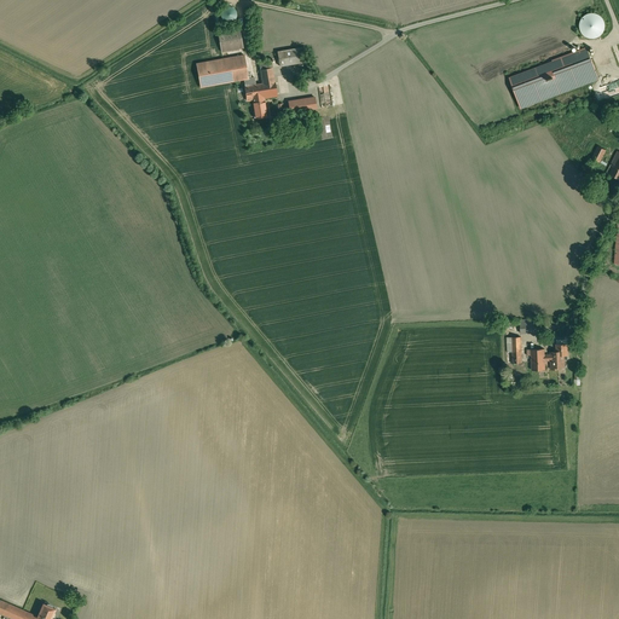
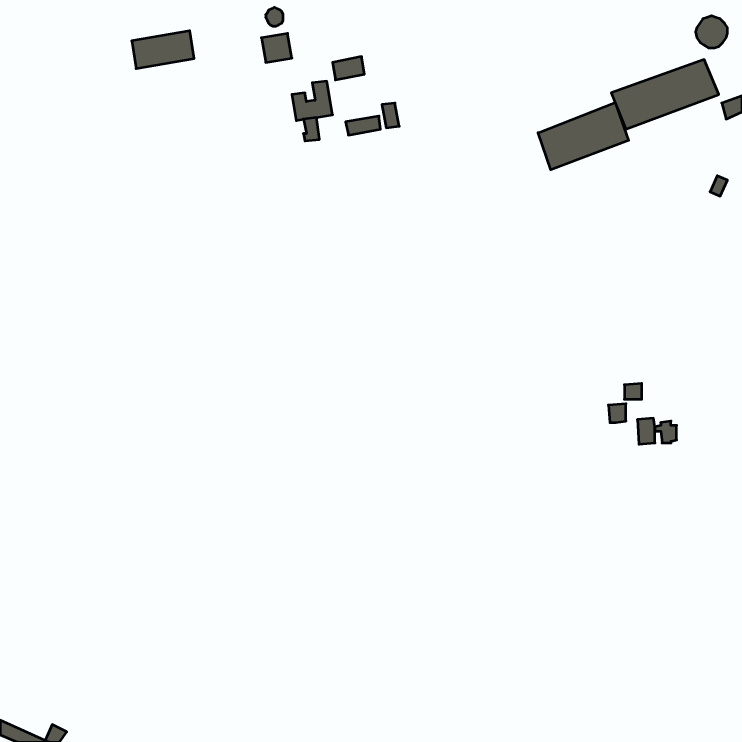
building: [196,54,248,86] -> [132,31,194,69]
building: none -> [538,102,629,170]

